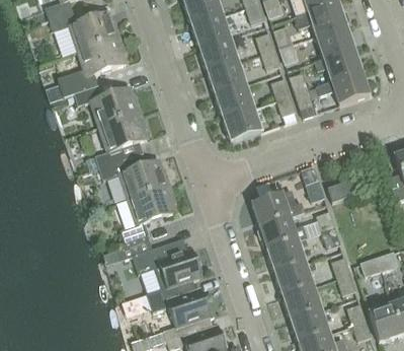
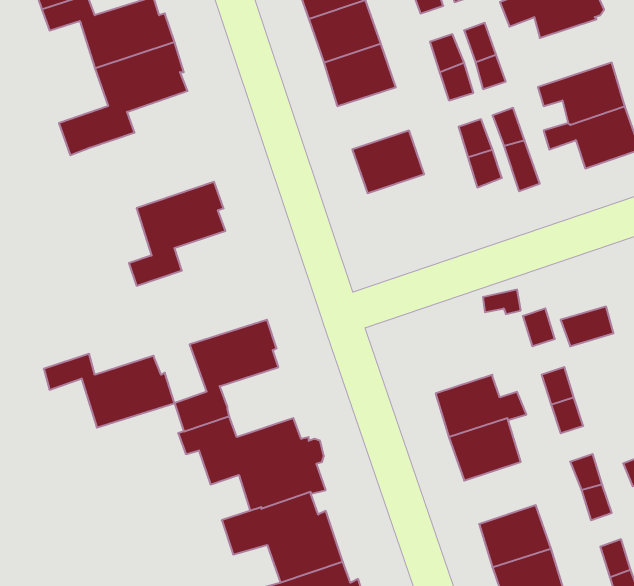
building: [315,24,353,58] -> none
building: [207,61,245,94] -> none
building: [74,85,141,126] -> none
building: [223,108,261,141] -> none
building: [99,159,169,199] -> [44,354,174,428]
building: [251,192,305,225] -> none
building: [274,262,313,295] -> none

